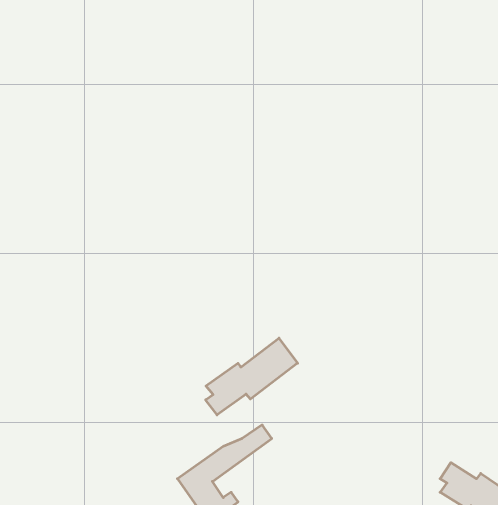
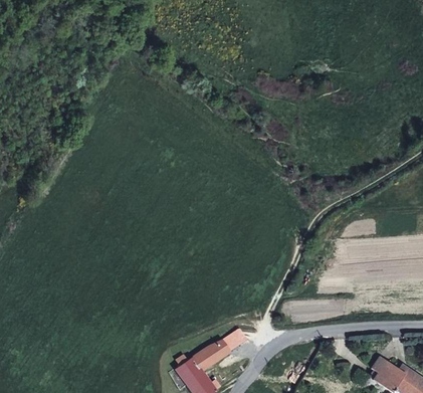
building: [206,338,298,415] -> none

